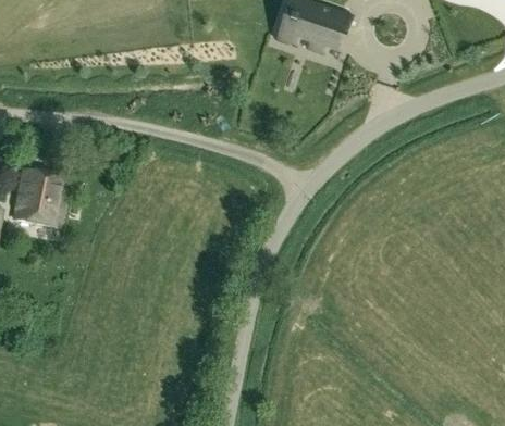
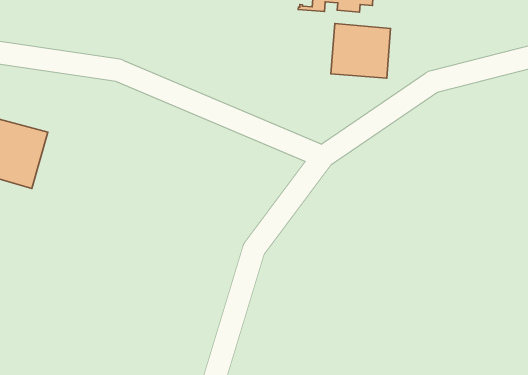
building: none -> [331,23,391,78]

